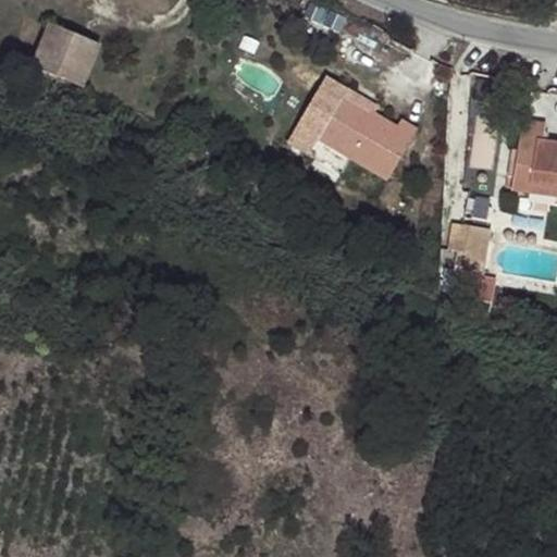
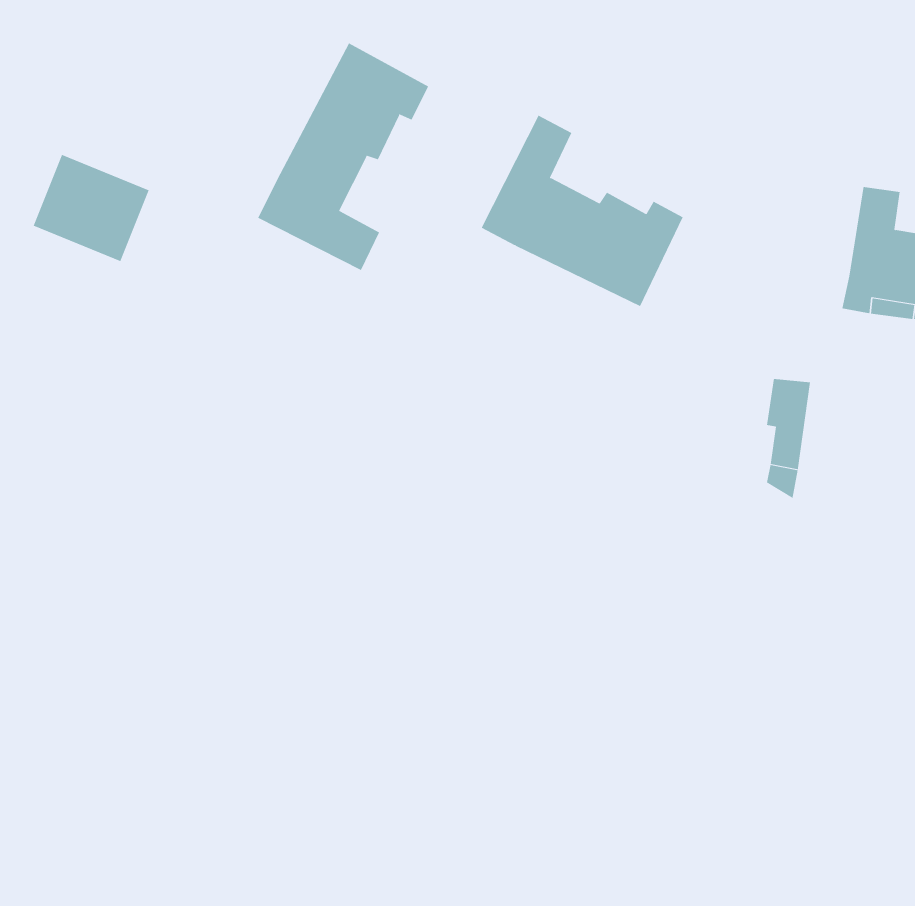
building: [32,17,102,83] -> [33,154,150,262]
building: none -> [258,43,429,271]

